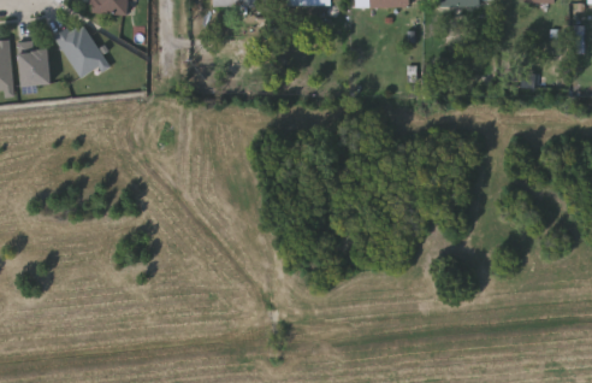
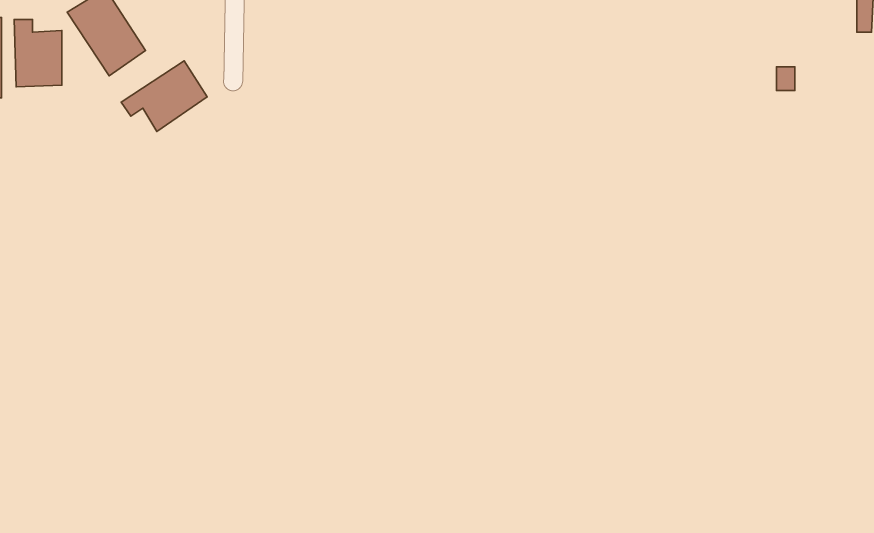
building: none -> [121,61,207,132]

